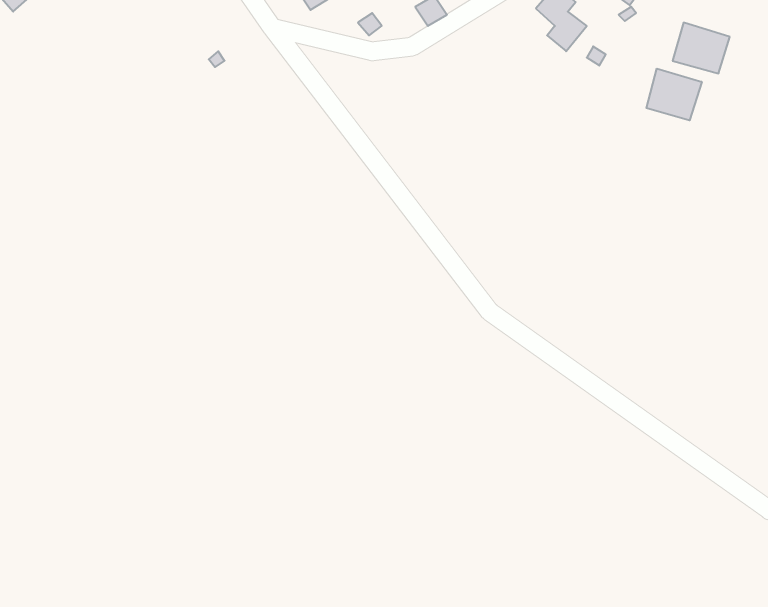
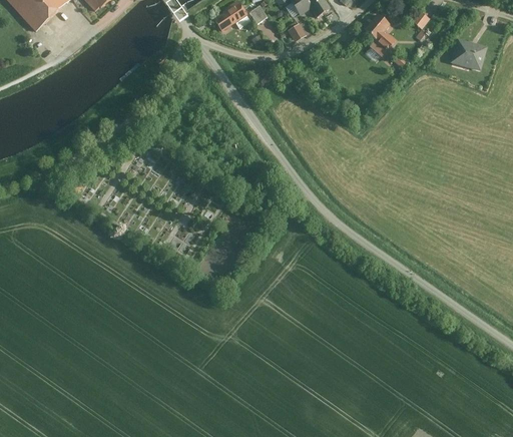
building: [646,69,702,120] -> none

